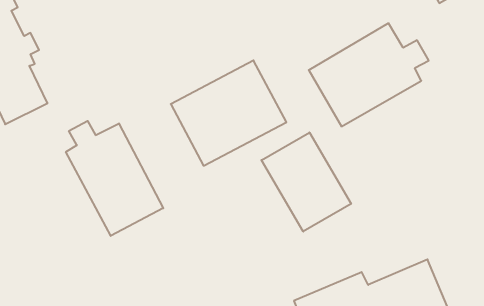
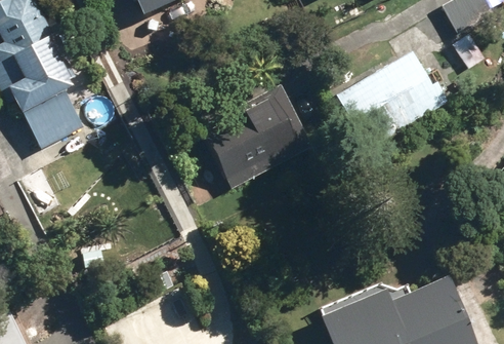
building: [66,121,163,236] -> none
building: [261,132,351,232] -> none

